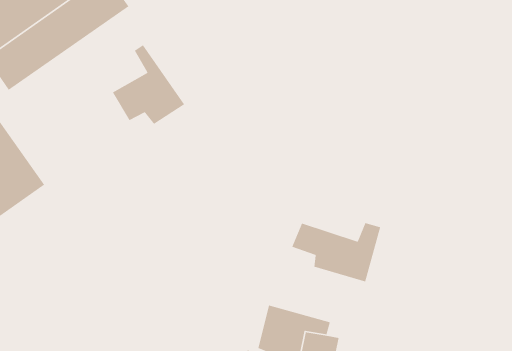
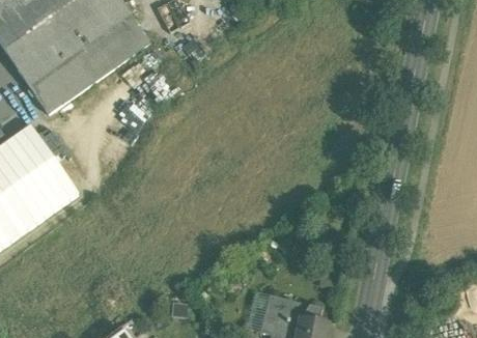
building: [112,44,185,125] -> none
building: [291,222,381,283] -> none

